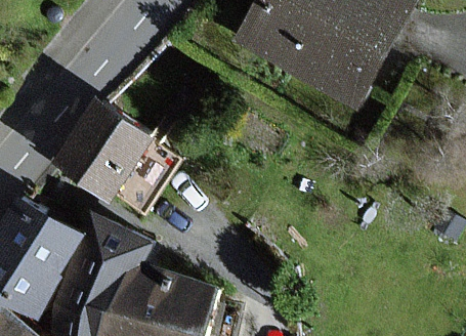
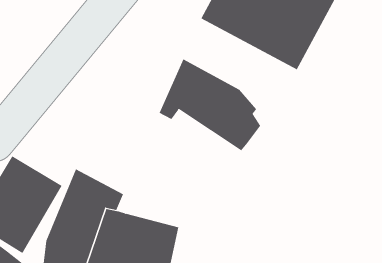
building: none -> [159,59,261,151]
building: [56,103,146,196] -> none

